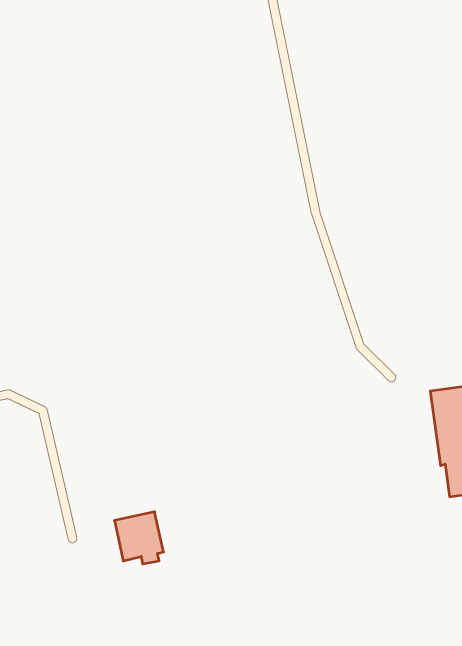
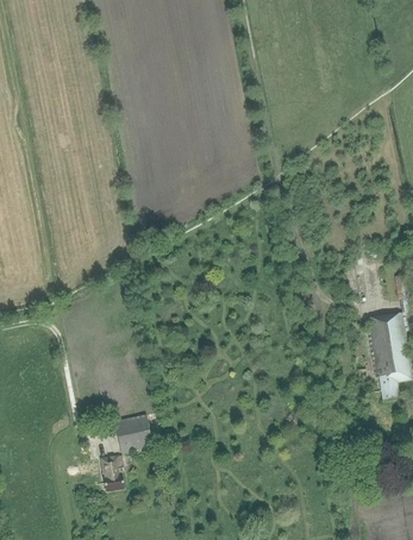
building: none -> [99,454,123,490]

